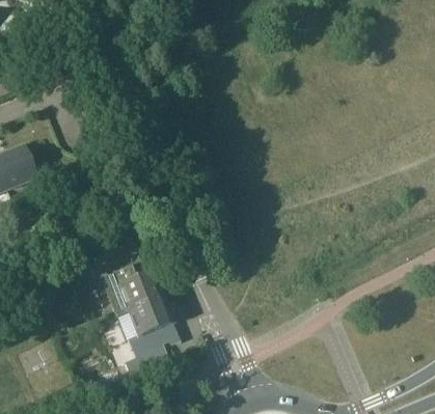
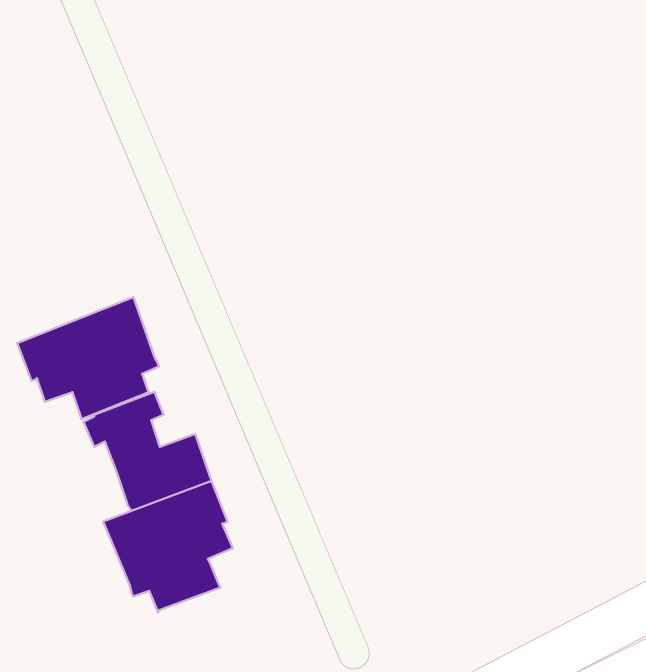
building: none -> [17,297,159,419]

